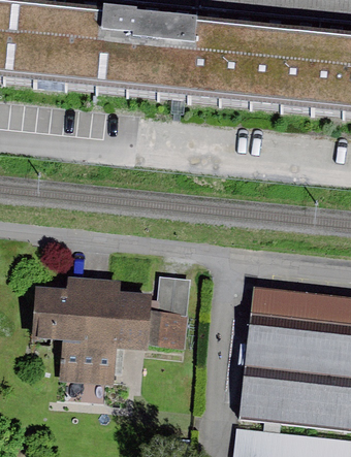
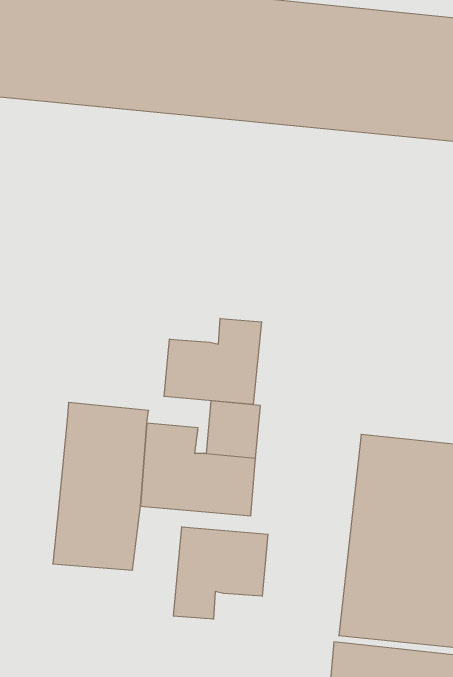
building: none -> [164,318,261,405]
building: [32,281,67,336] -> none
building: none -> [173,527,268,619]

